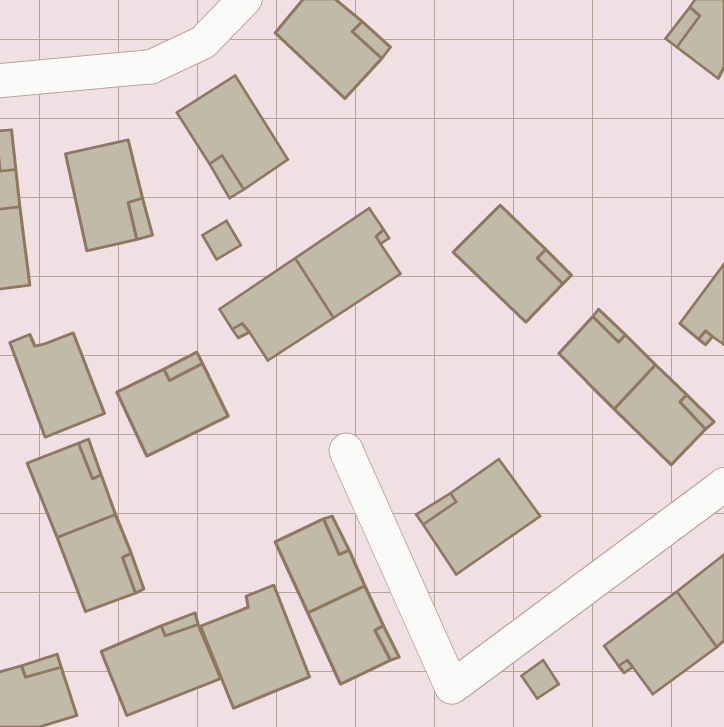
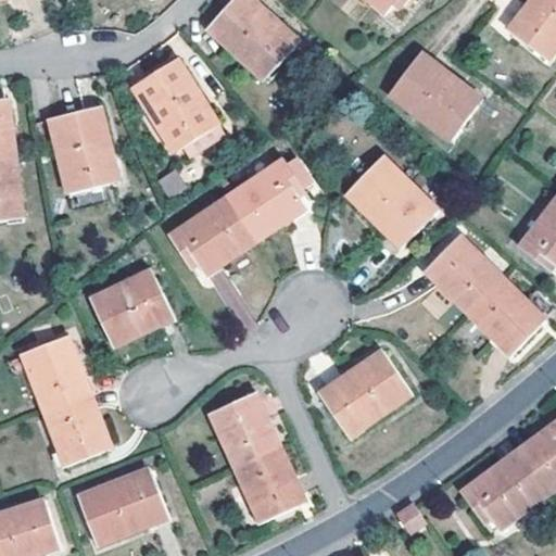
building: none -> [388,52,480,140]
building: [10,333,105,437] -> none
building: [201,585,310,708] -> none

